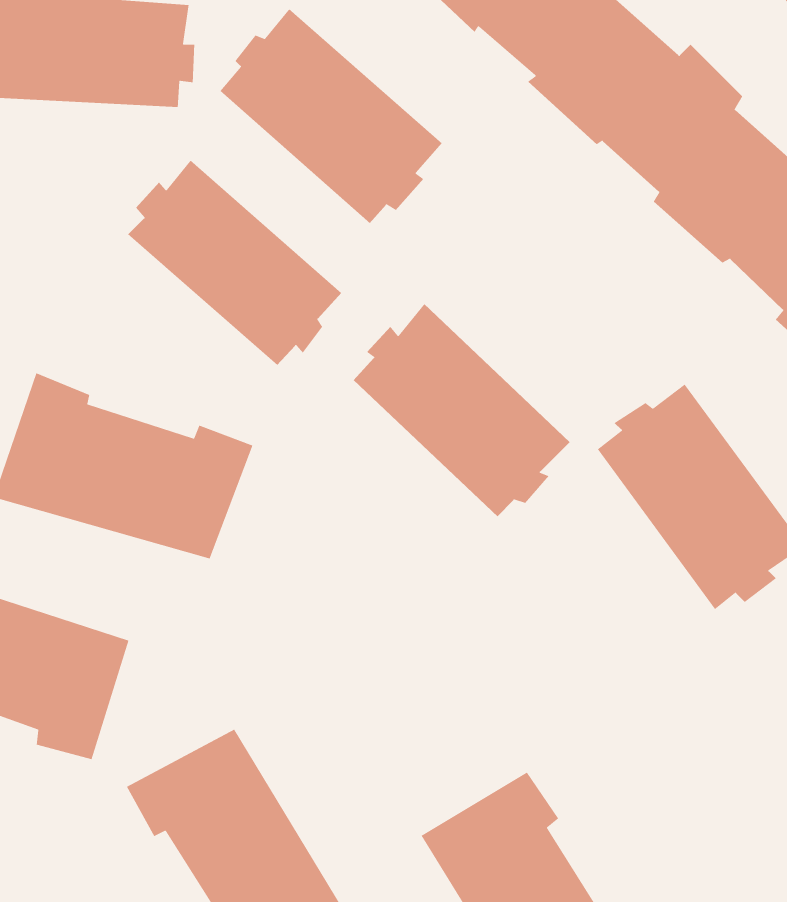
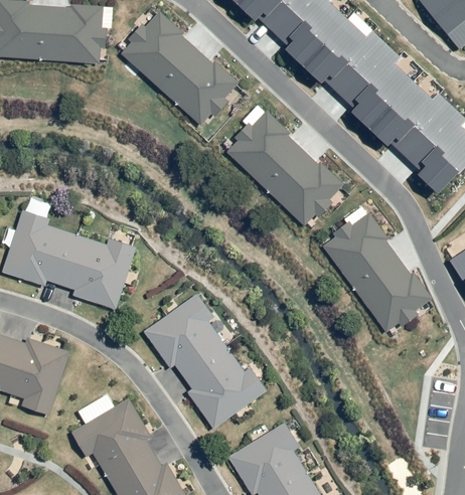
building: [127,160,342,366] -> none
building: [353,303,571,517] -> [226,112,343,226]
building: none -> [143,293,269,427]

